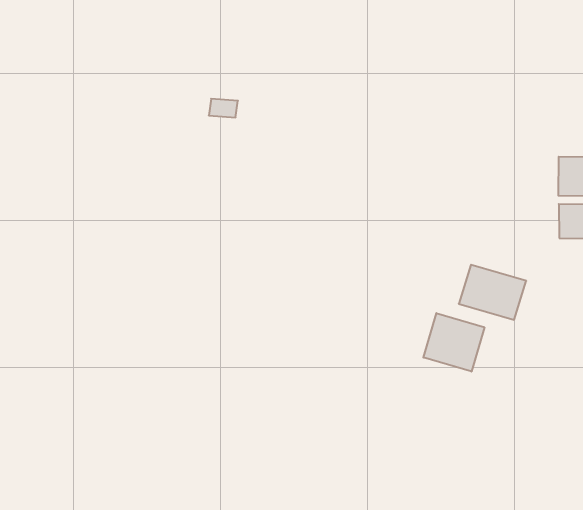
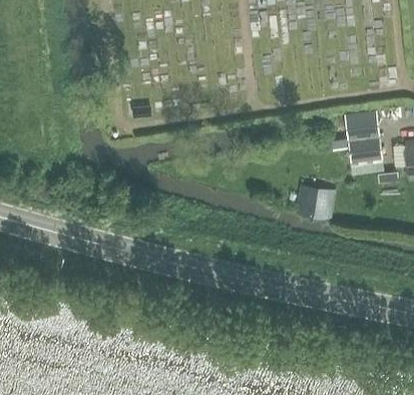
building: [423,313,484,372] -> none

